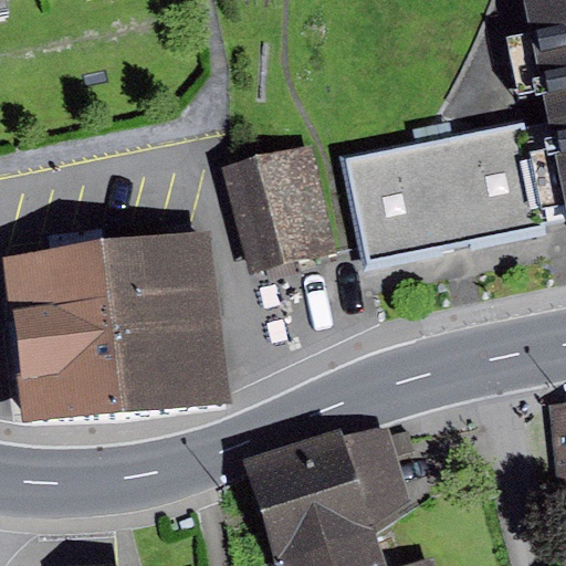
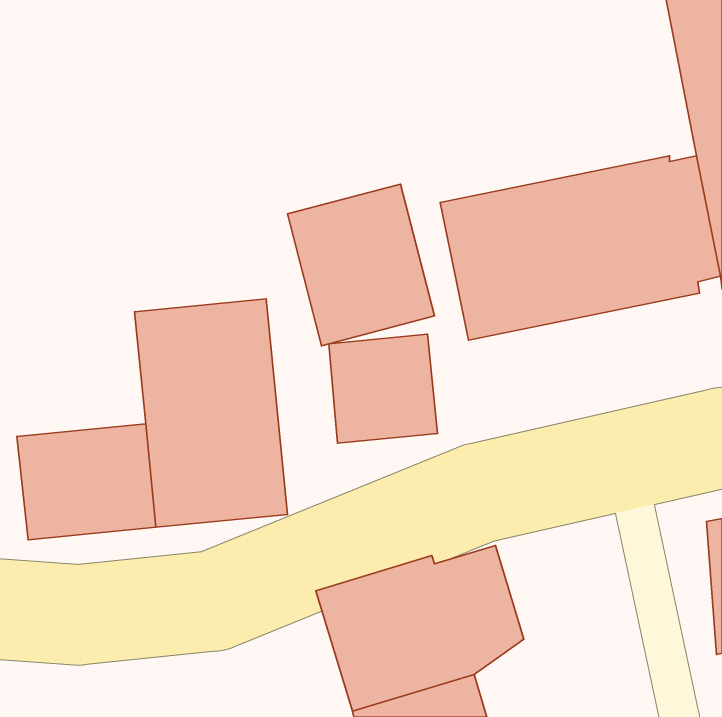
building: [4,243,114,340] -> none
building: none -> [329,334,437,443]

